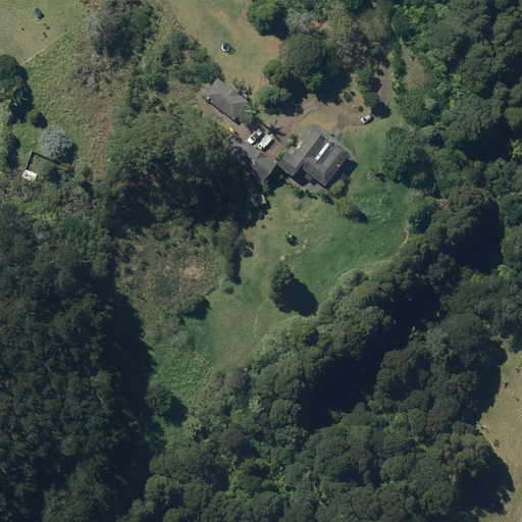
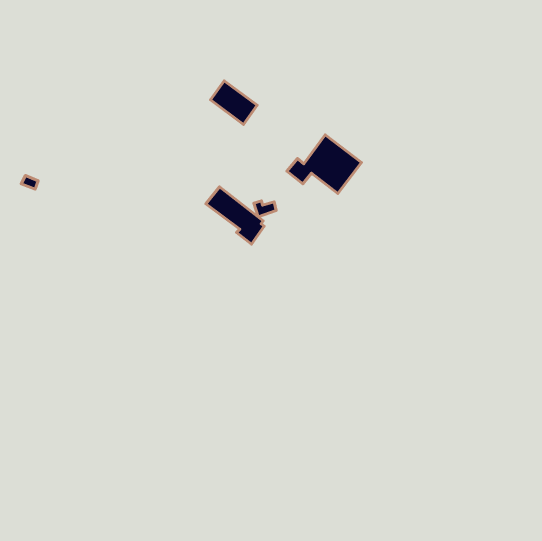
building: [220,132,276,187] -> [206,187,264,244]

